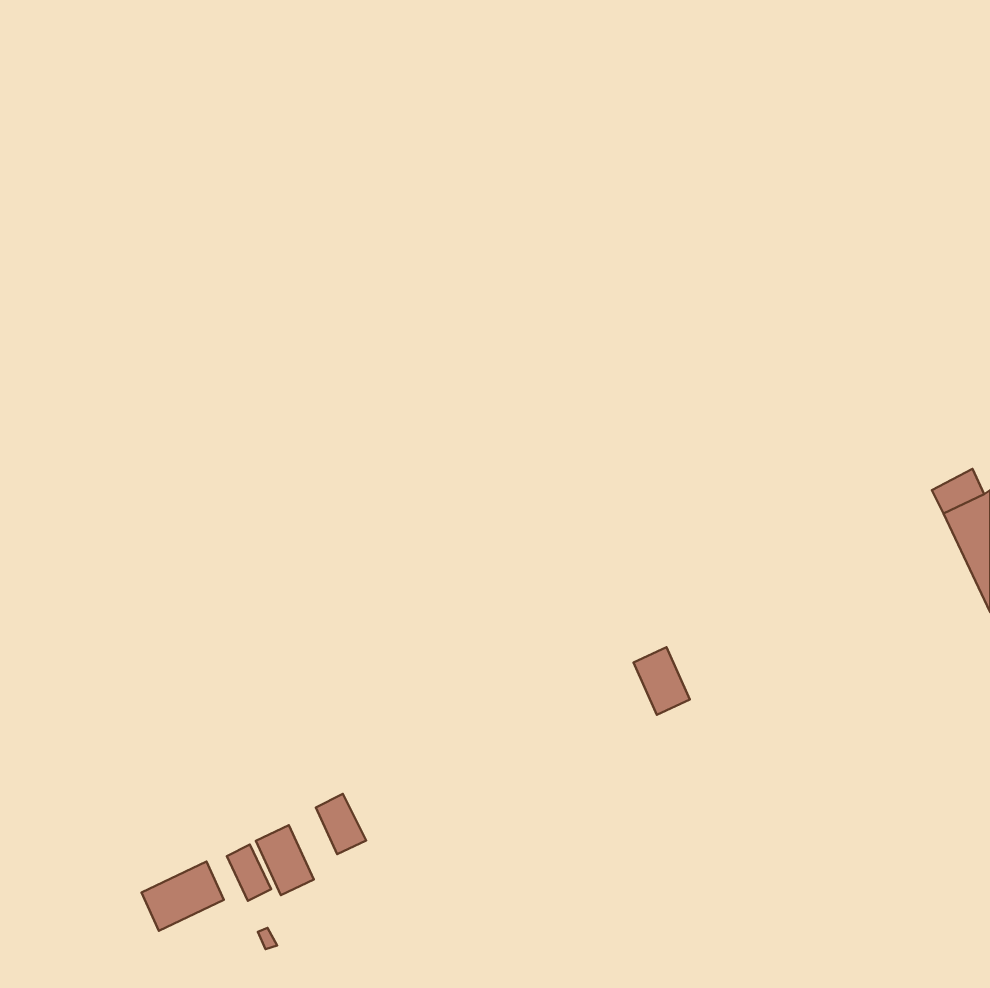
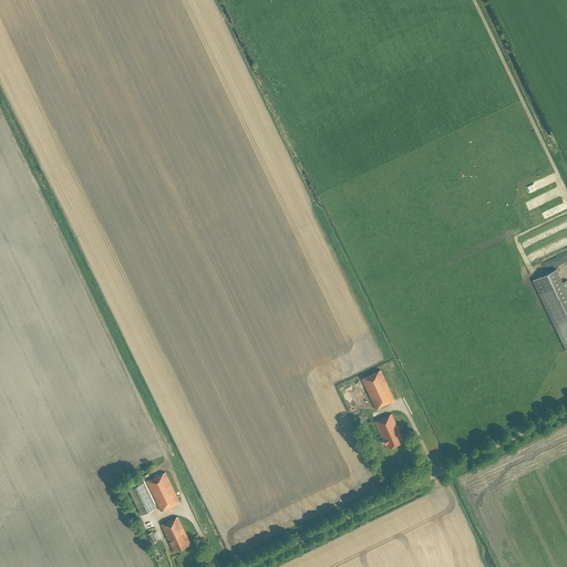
building: none -> [375,415,404,450]
building: [316,794,366,854] -> [162,518,190,553]
building: [141,861,224,931] -> none

